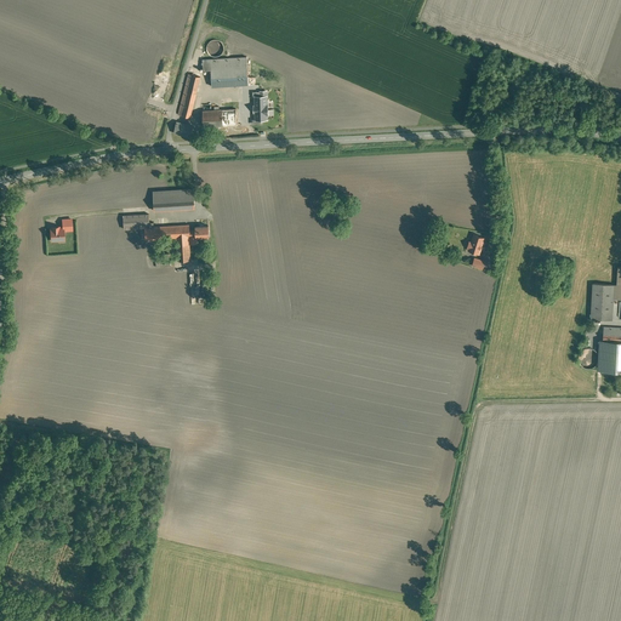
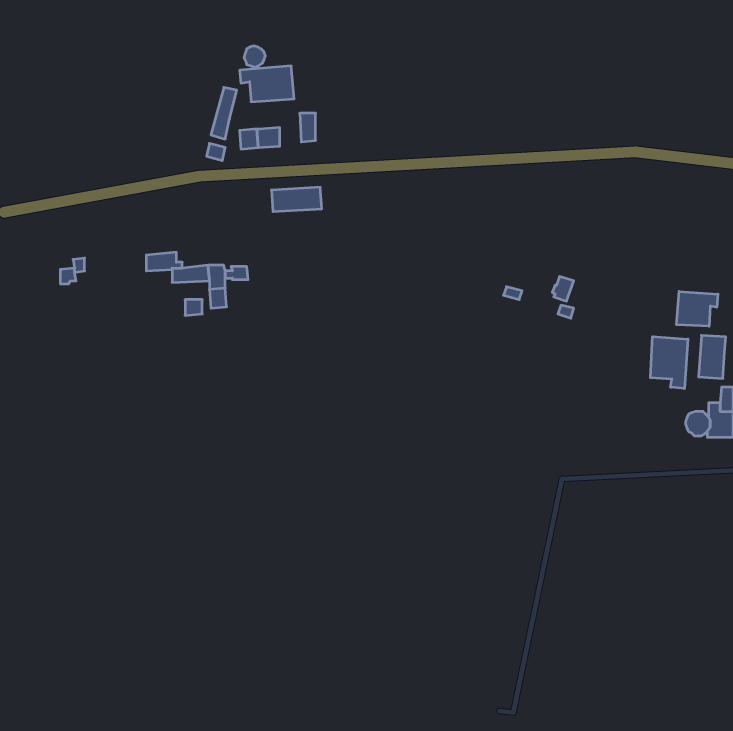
building: [153,190,195,211] -> [271,187,322,212]
building: none -> [677,291,718,326]
building: none -> [650,337,688,389]

